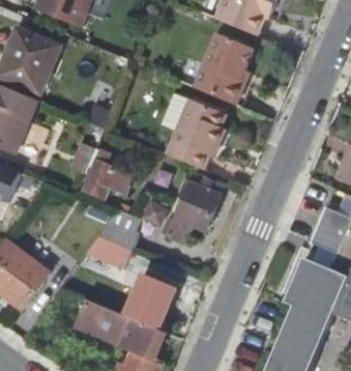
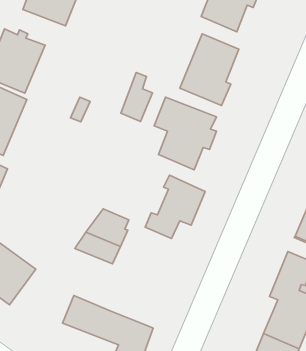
building: [85,148,117,198] -> [121,72,153,122]
building: [125,276,176,331] -> none

